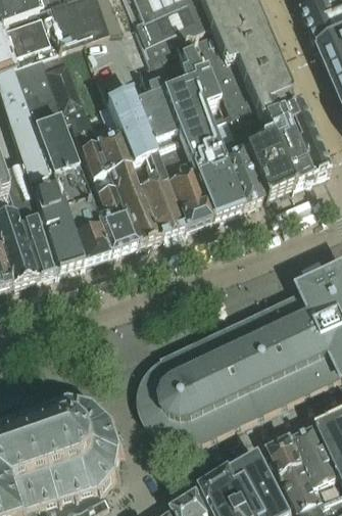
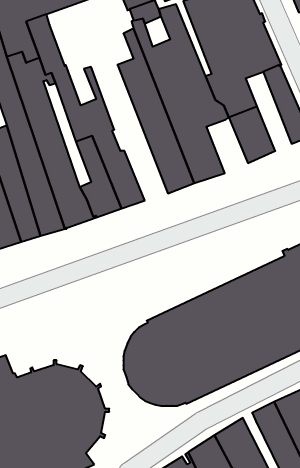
building: [100,68,185,234] -> none
building: [263,104,310,185] -> none
building: [224,152,261,206] -> none

